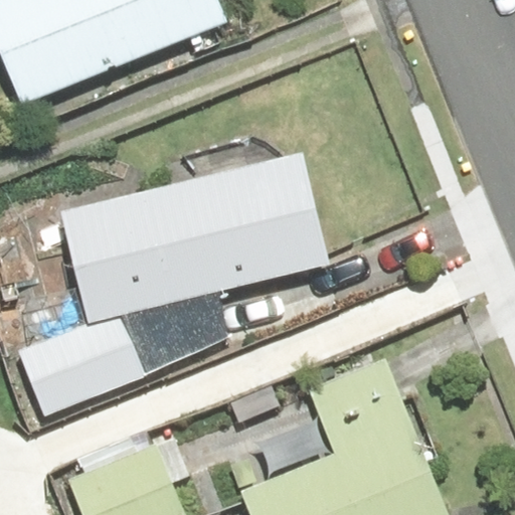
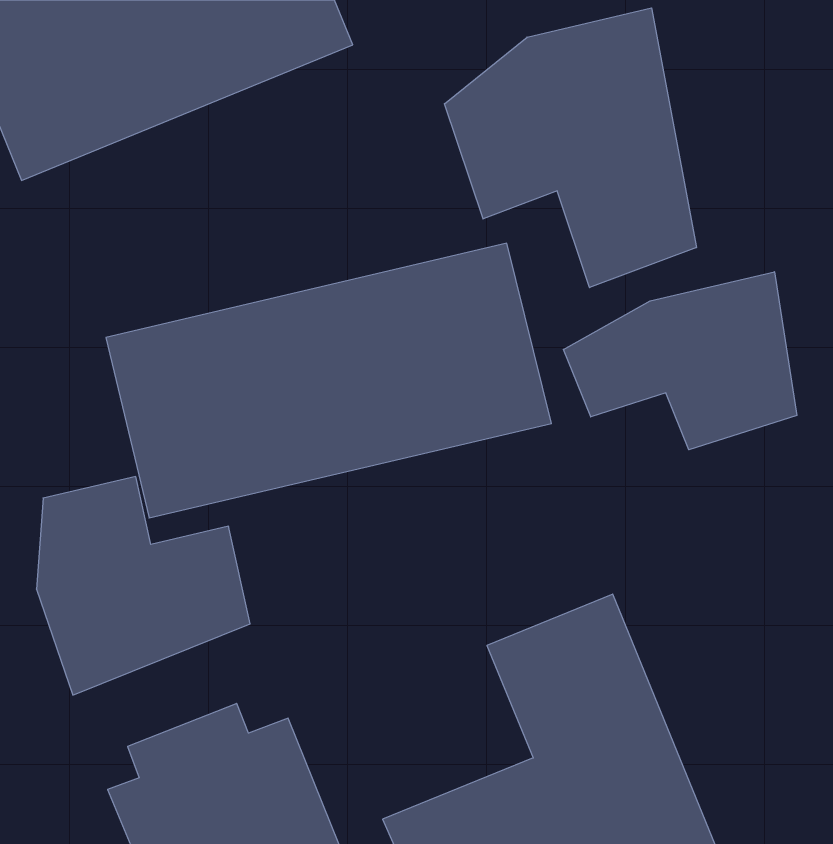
building: none -> [444,8,696,288]
building: none -> [563,272,797,450]

